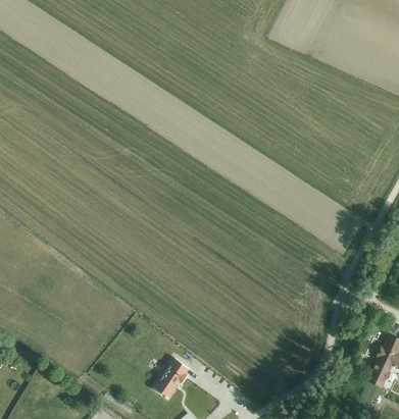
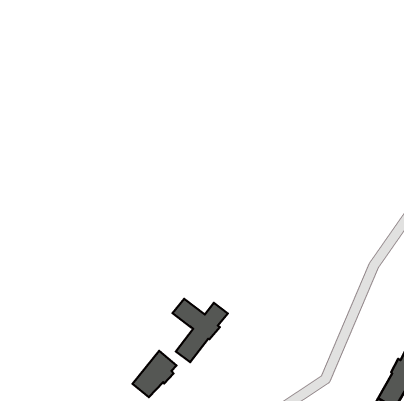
building: none -> [173,299,228,362]

